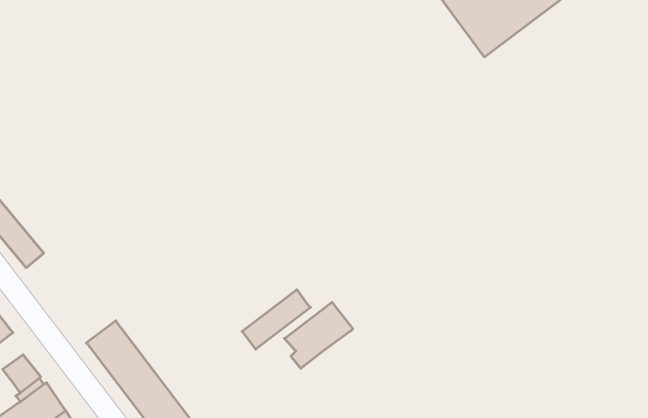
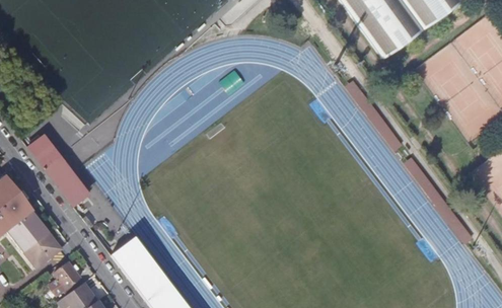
building: [242,290,311,349] -> none
building: [284,302,353,368] -> none

